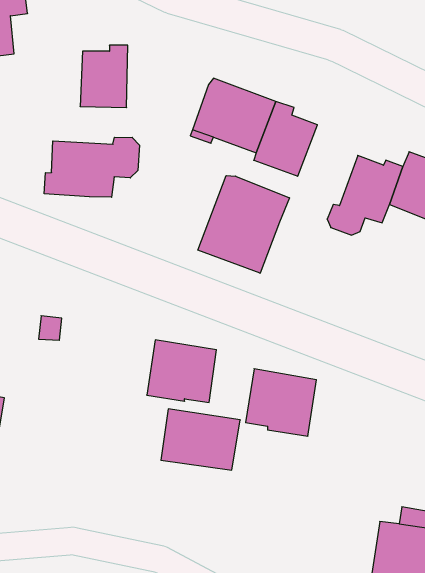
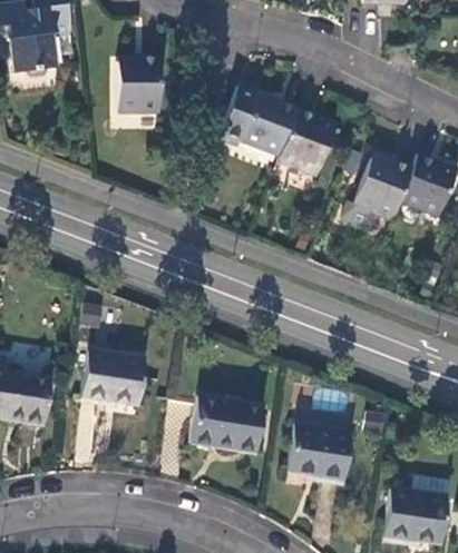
building: [44,137,140,197] -> none
building: [198,176,289,273] -> none
building: [147,340,216,402] -> [81,348,145,405]
building: [246,369,316,436] -> [288,423,352,484]

